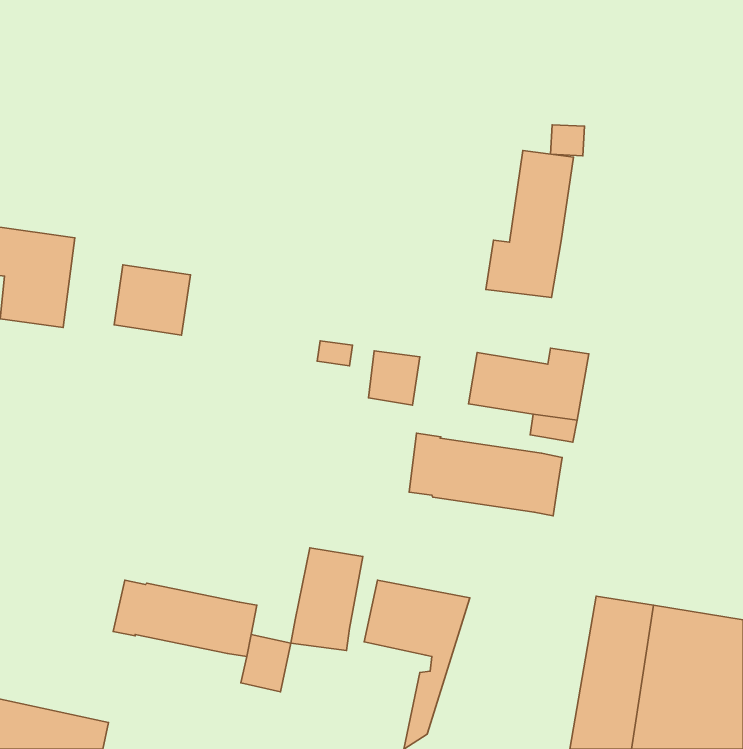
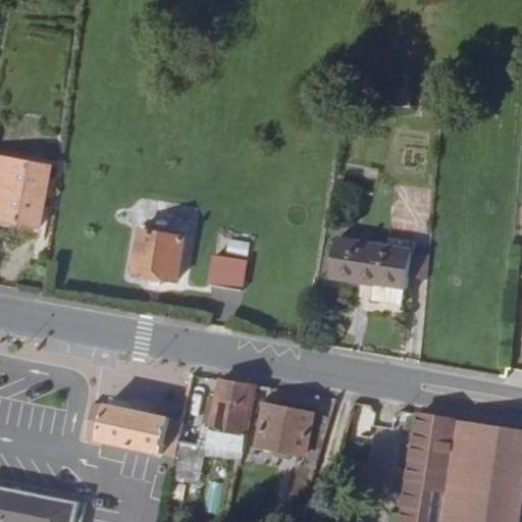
building: [486,151,574,298] -> none
building: [114,265,190,335] -> [137,229,190,278]
building: [368,351,420,405] -> [214,256,250,294]
building: [409,433,562,516] -> none

